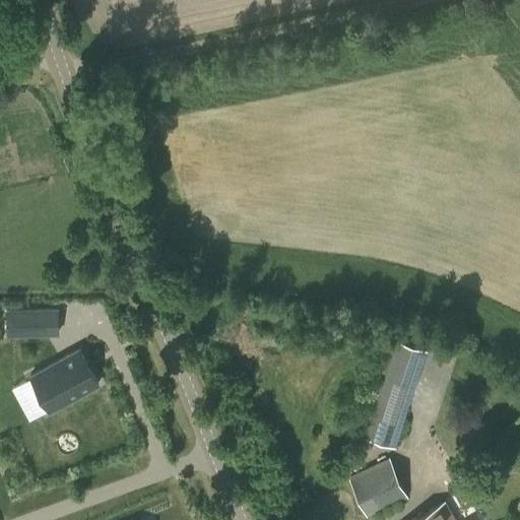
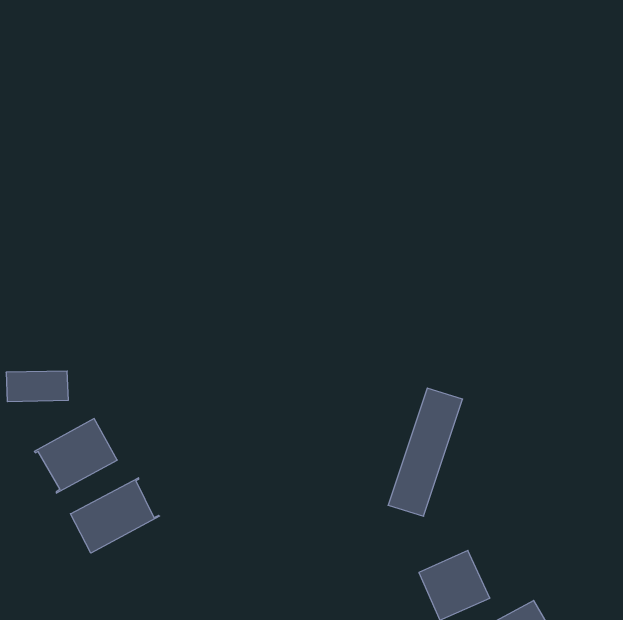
building: [365,342,427,449] -> [388,388,463,516]
building: none -> [70,478,160,553]

